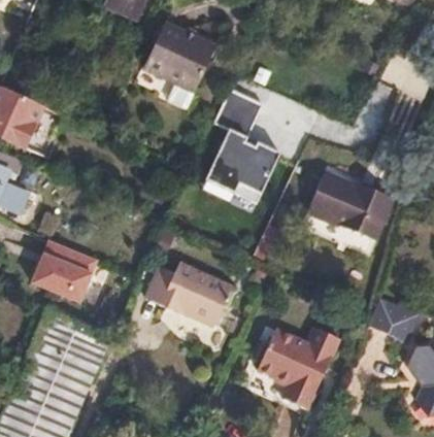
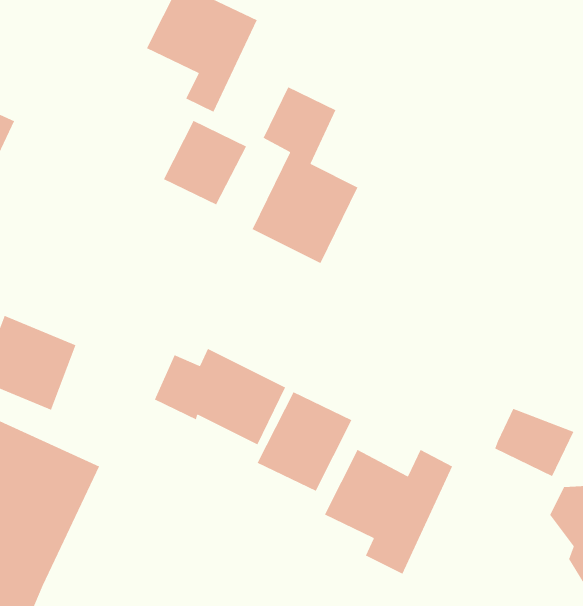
building: none -> [163,120,247,205]
building: [301,156,394,242] -> none
building: none -> [257,391,353,492]

